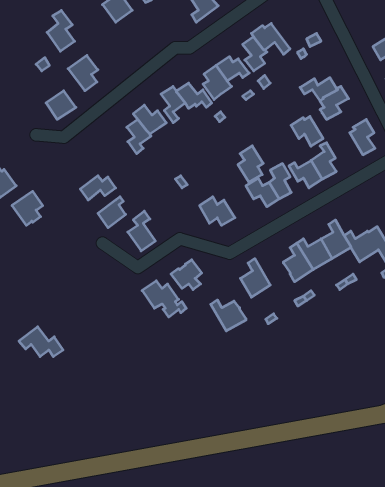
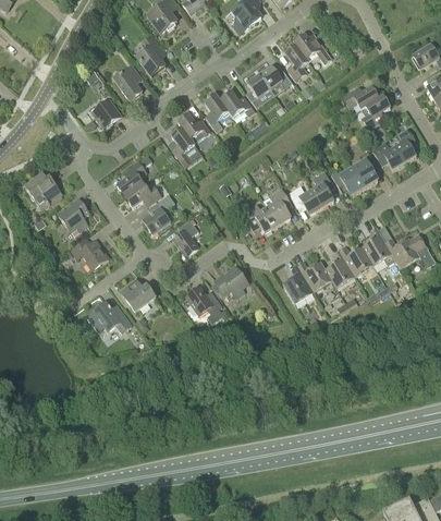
building: [47,10,75,51] -> [137,35,164,75]
building: [291,116,323,146] -> [372,141,404,170]
building: [238,146,263,182] -> [267,189,292,225]
building: none -> [117,161,146,196]
building: none -> [71,240,108,272]
building: none -> [119,278,155,312]
building: [211,300,246,331] -> [297,260,332,291]
building: [19,327,63,357] -> [87,302,131,331]

